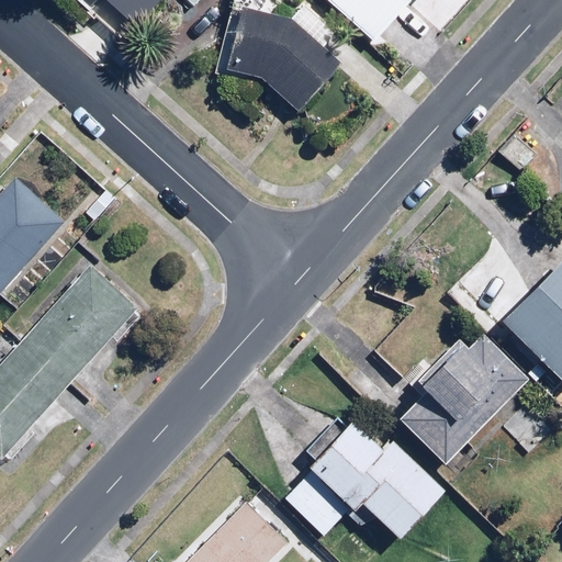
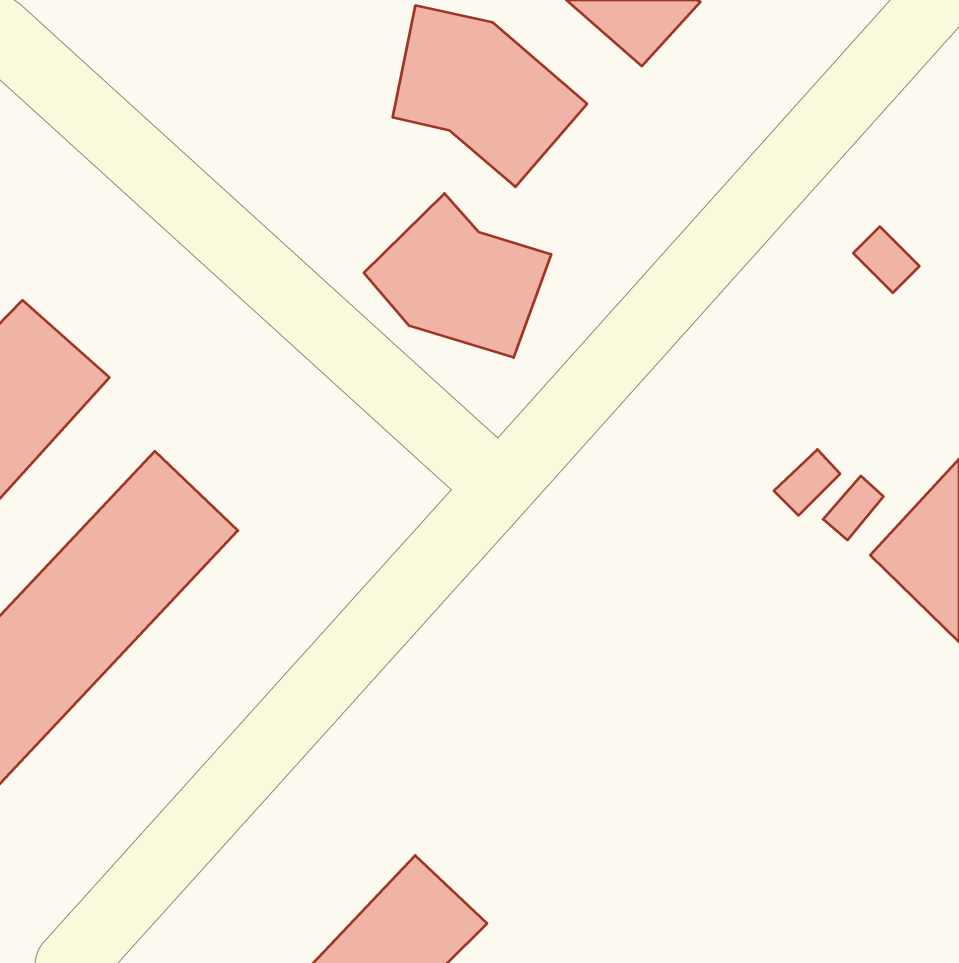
building: none -> [364,193,551,358]
building: [400,334,529,464] -> none
building: [284,414,439,541] -> none

